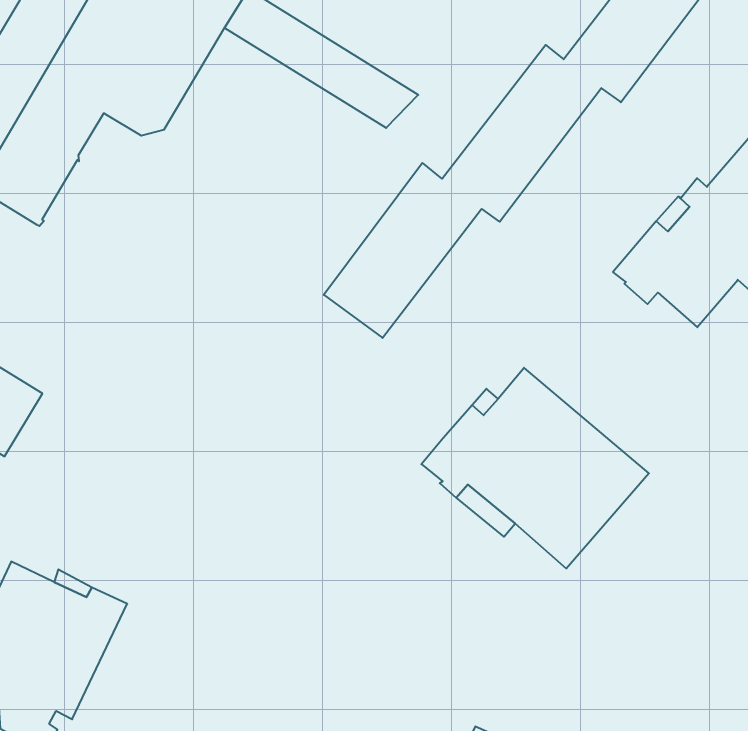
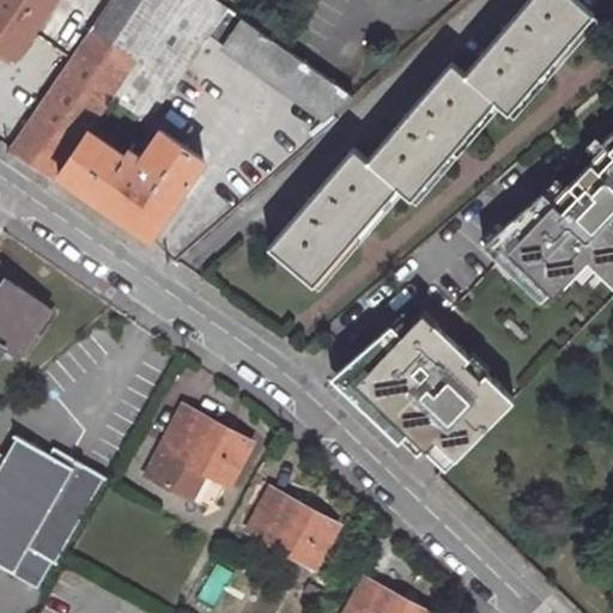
building: none -> [57,132,204,241]
building: none -> [150,408,255,504]
building: none -> [254,493,340,570]

